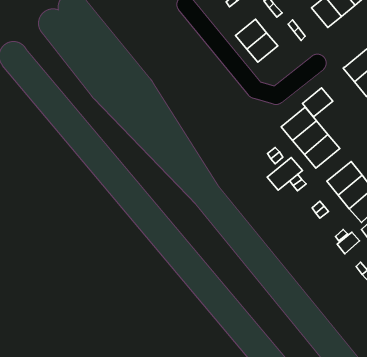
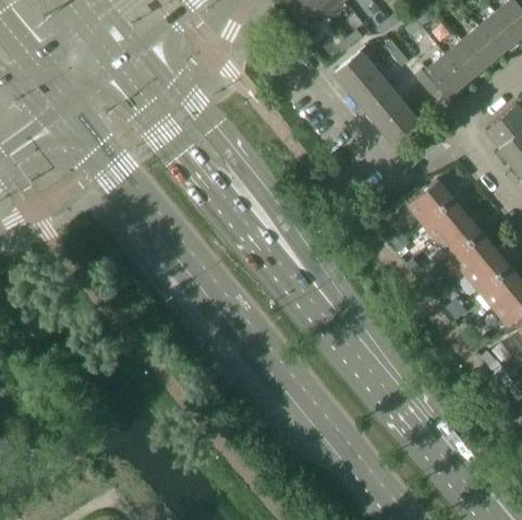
building: none -> [336,51,375,89]
building: none -> [427,55,466,95]
building: none -> [378,102,417,142]
building: [302,88,333,117] -> none
building: [267,157,302,190] -> [451,232,496,274]

